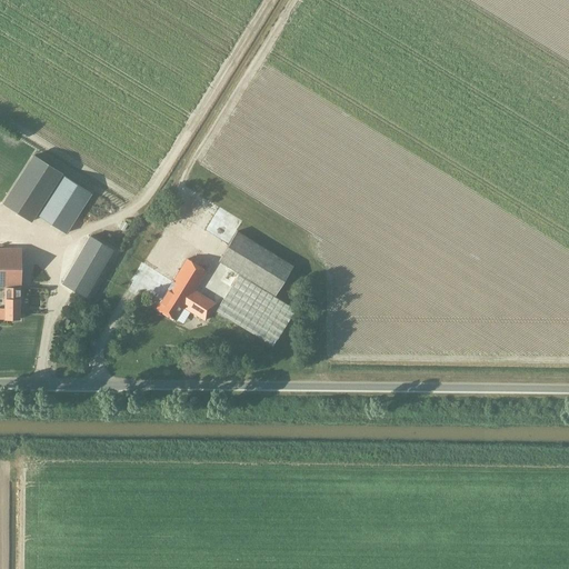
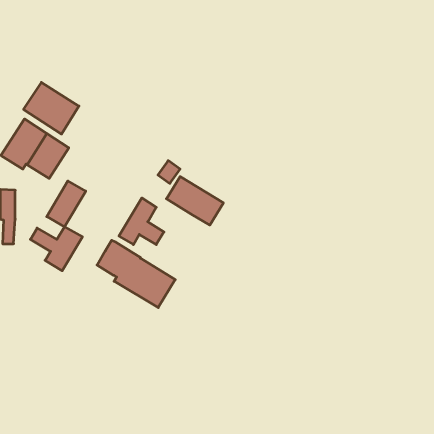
building: none -> [24,82,79,134]
building: [193,258,296,346] -> [97,240,175,308]
building: none -> [30,227,82,271]

